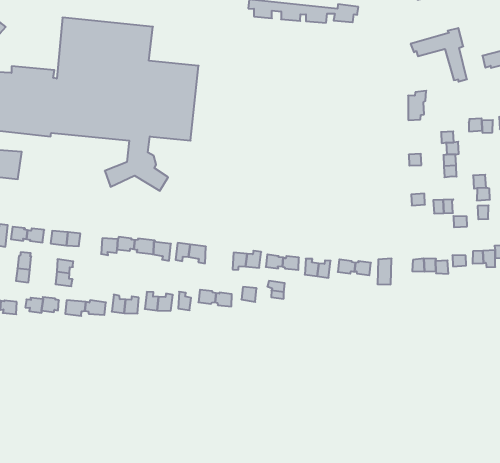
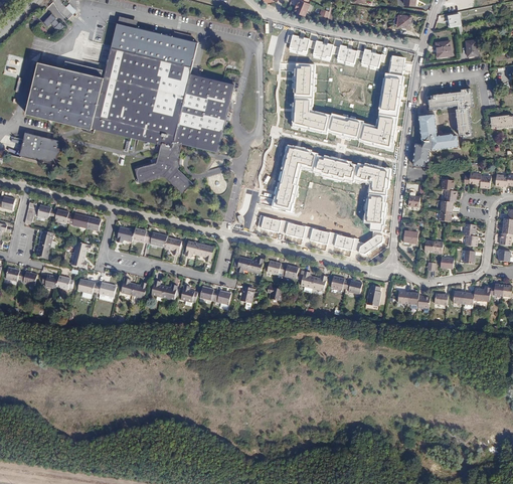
building: none -> [289,54,403,149]
building: none -> [418,109,460,147]
building: none -> [256,143,388,253]

